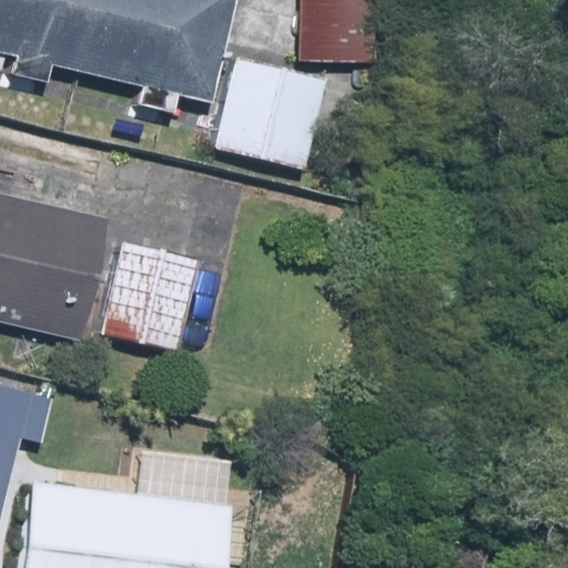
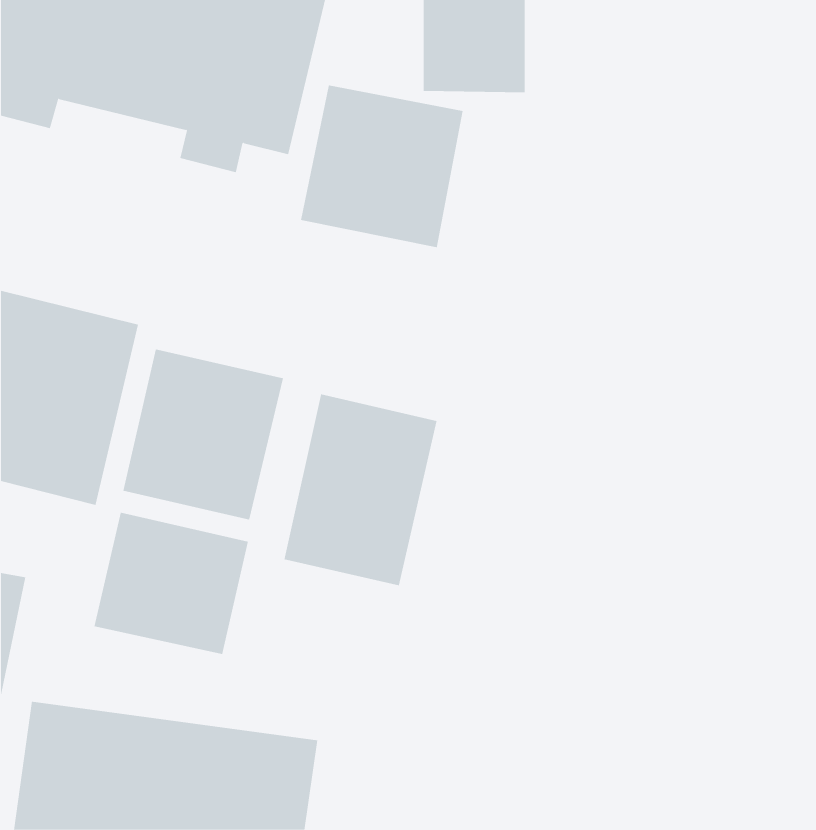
building: none -> [284,393,437,586]
building: none -> [94,512,249,655]

